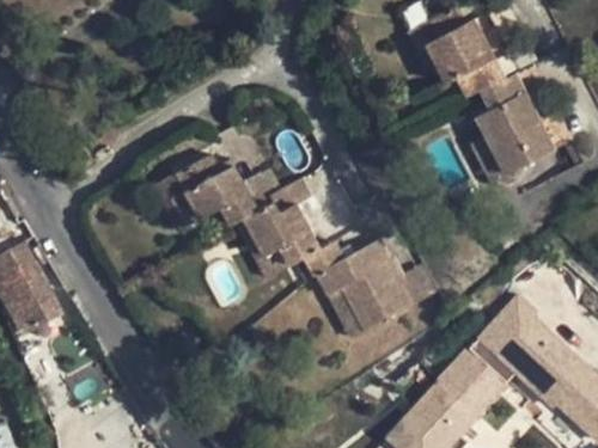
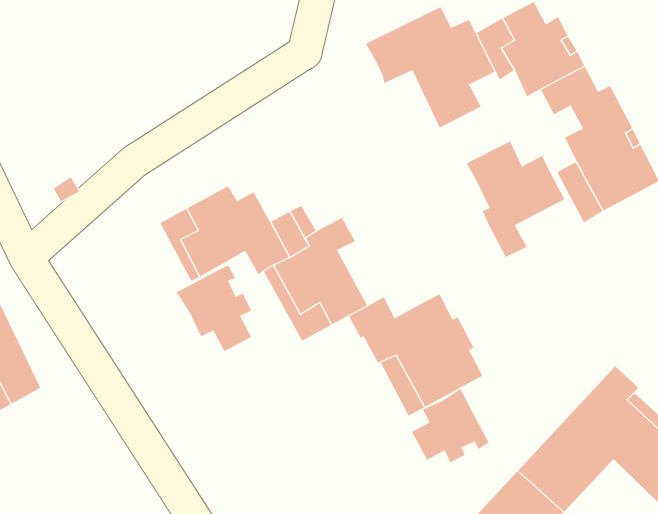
building: none -> [365,6,495,129]
building: none -> [466,140,565,258]
building: none -> [176,264,252,352]
building: none -> [411,388,489,463]

